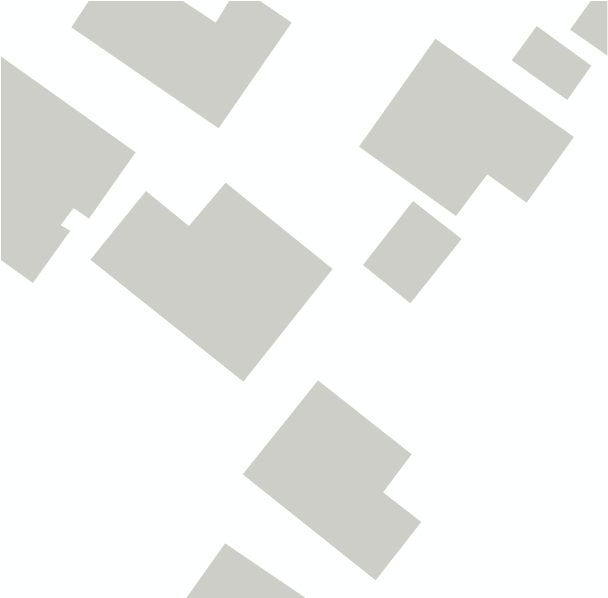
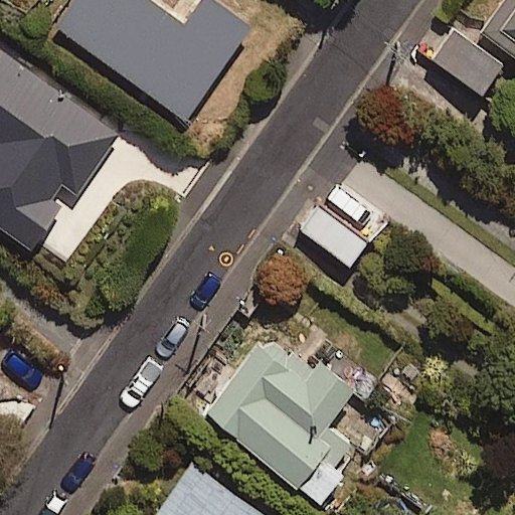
building: [358,38,575,217] -> none
building: [89,181,334,383] -> none

